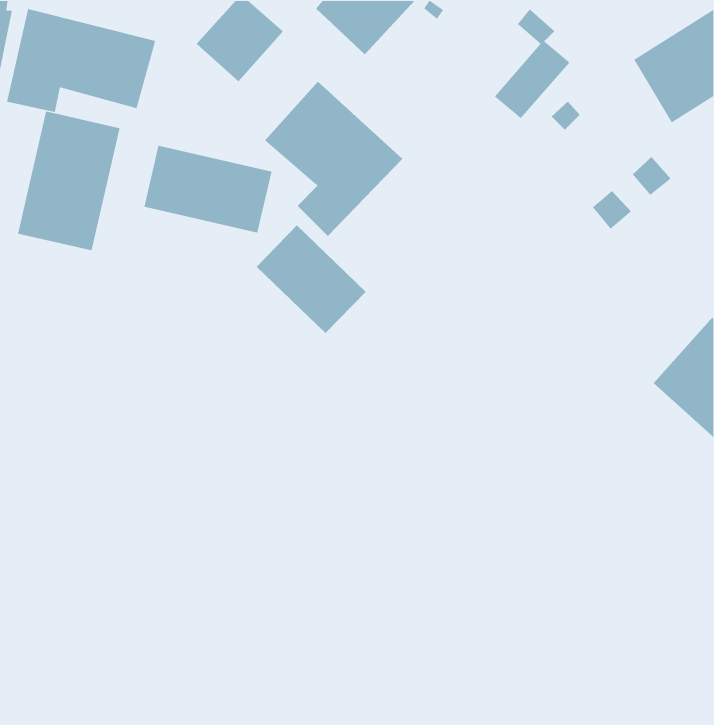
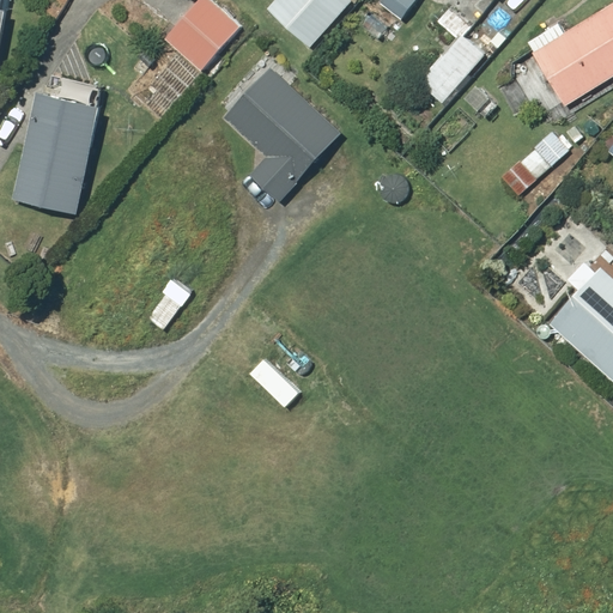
building: [6,8,156,113] -> none
building: [143,145,273,233] -> none
building: [256,225,366,334] -> none

